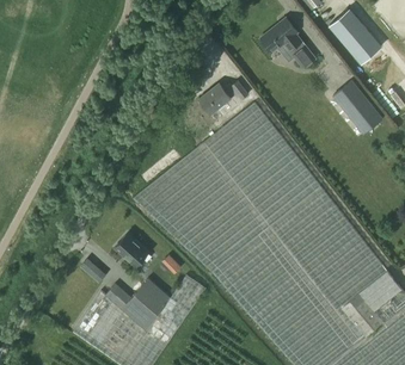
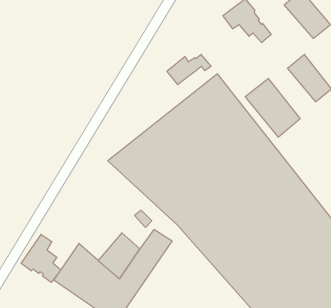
building: none -> [245,78,300,137]
building: [115,234,149,267] -> none
building: none -> [21,234,61,282]

